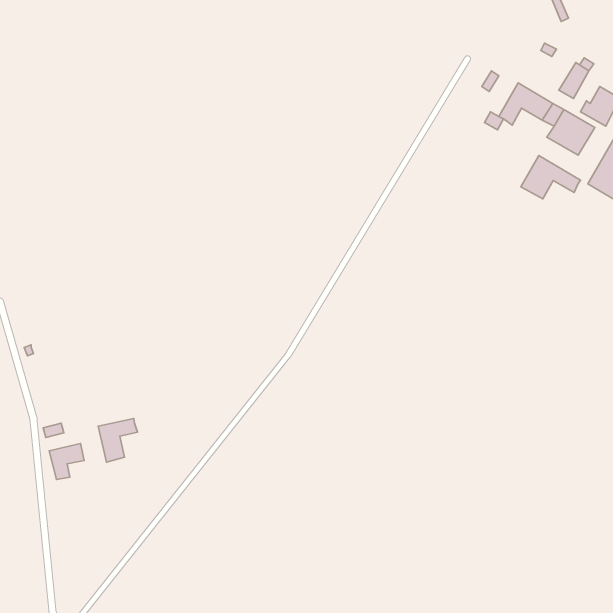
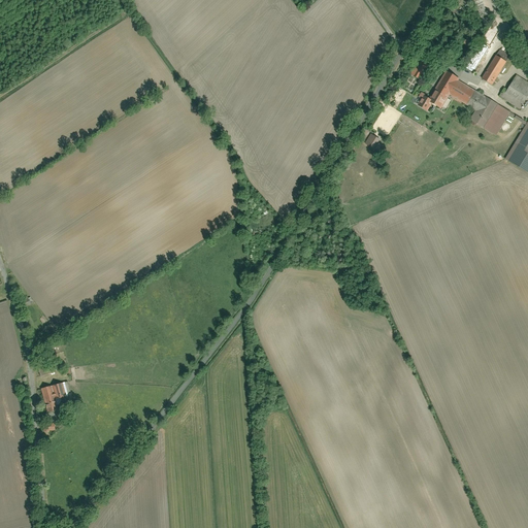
building: [521,156,581,199] -> none
building: [98,418,138,462] -> none

